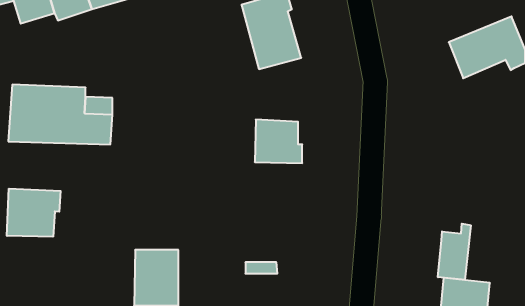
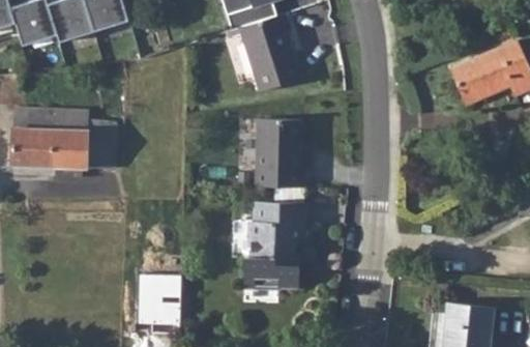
building: none -> [257,119,299,145]
building: none -> [244,201,310,285]
building: [7,189,61,237] -> none
building: [438,224,471,280] -> none

